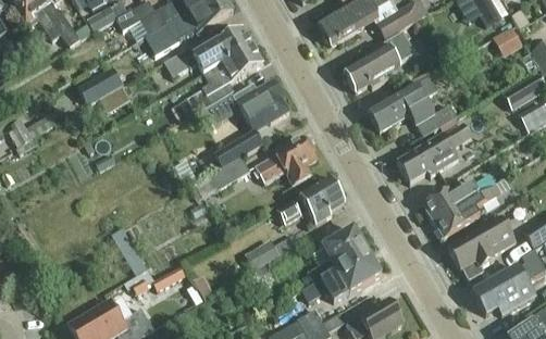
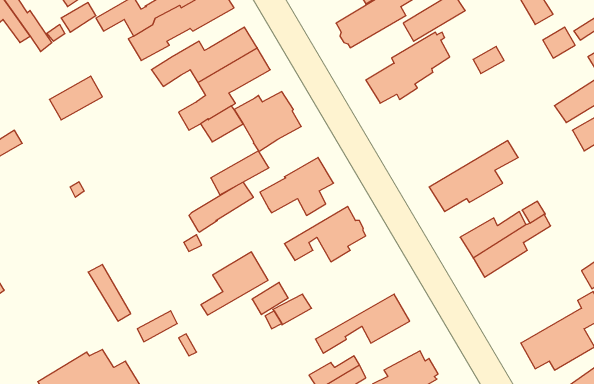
building: [369,75,459,135] -> none
building: [450,216,518,278] -> none
building: [312,227,369,280] -> [201,252,268,315]

